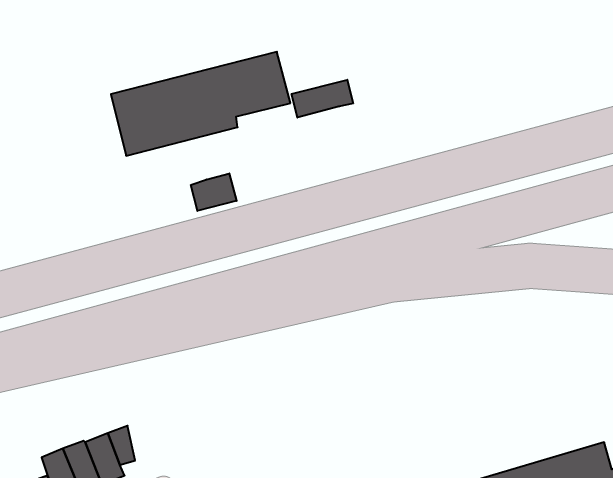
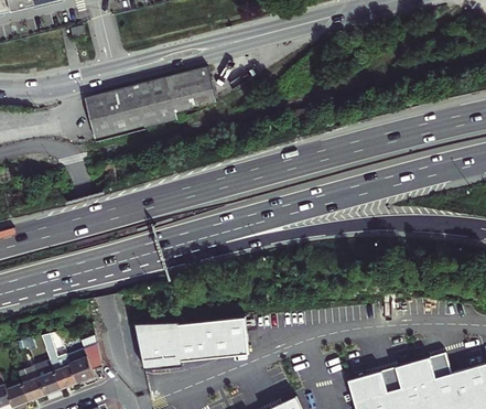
building: [292,80,353,118] -> none
building: [191,173,237,211] -> none
building: none -> [134,316,249,369]

